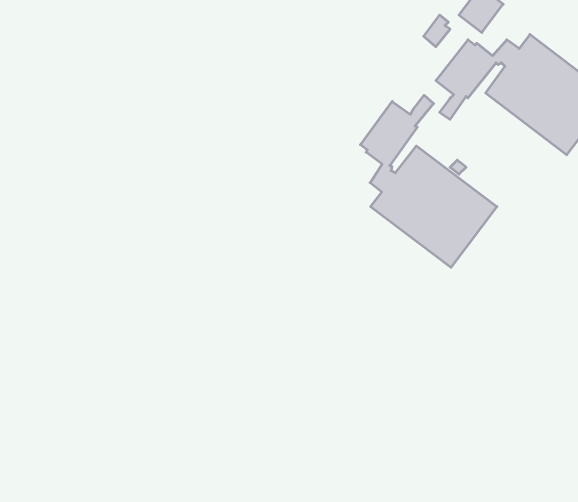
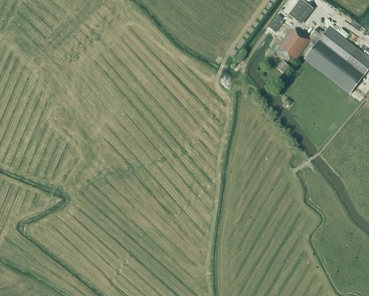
building: [360,95,497,267] -> none

